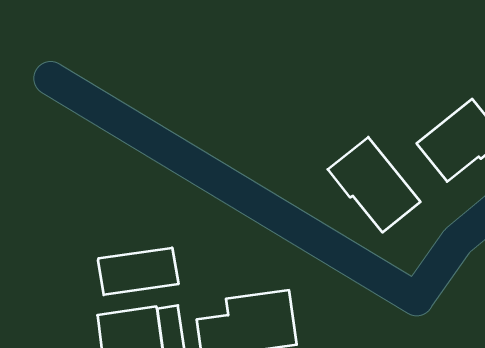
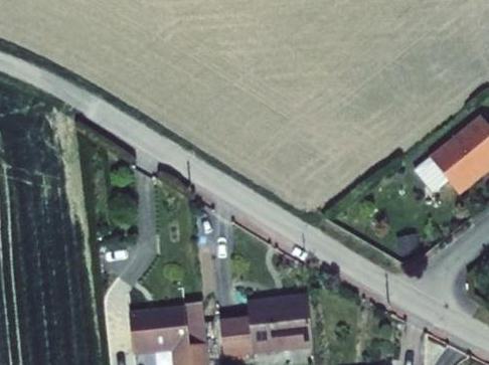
building: [328,137,420,232] -> none
building: [98,248,178,295] -> none

